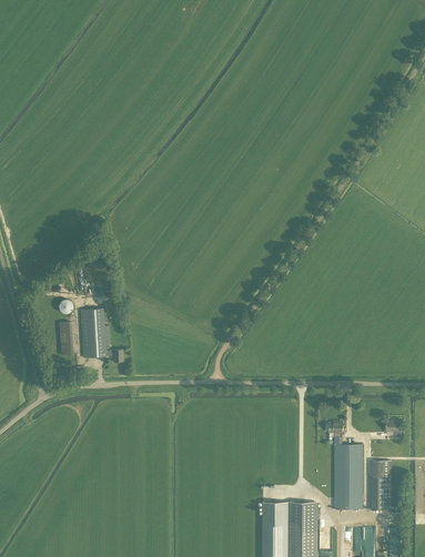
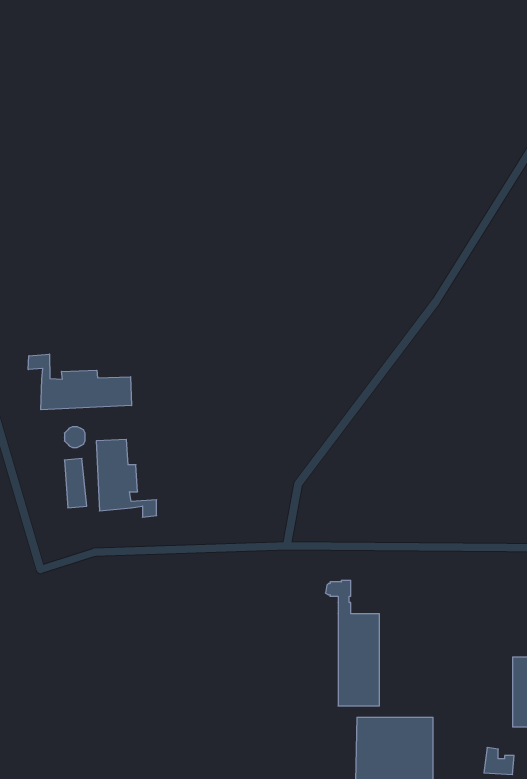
building: none -> [28,354,132,410]
building: [325,422,363,509] -> [325,580,379,706]

